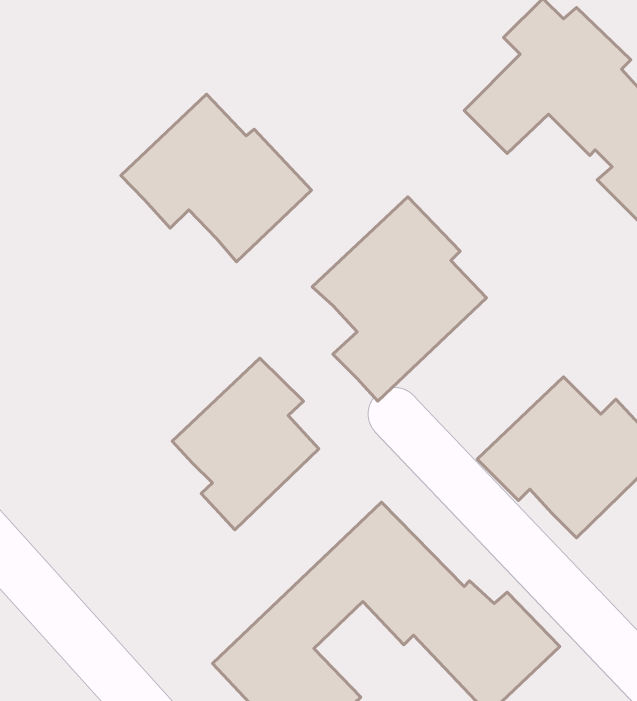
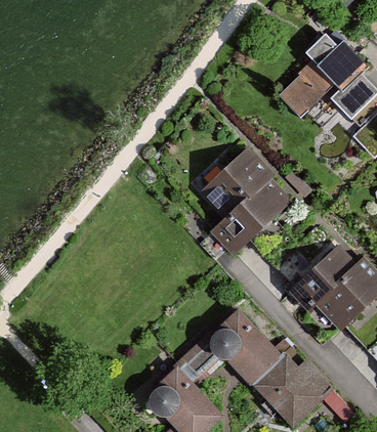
building: [121,94,311,262] -> none
building: [172,358,319,530] -> none

